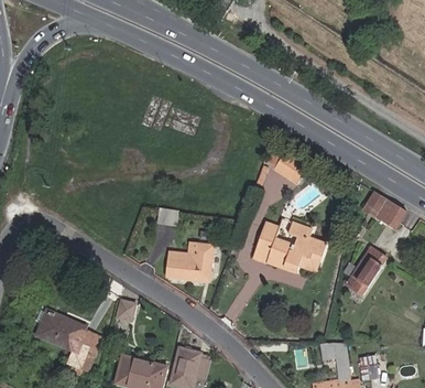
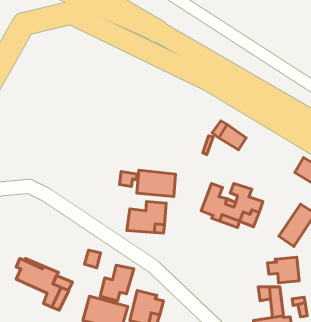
building: none -> [137,170,176,197]
building: none -> [267,257,299,283]
building: none -> [100,265,134,301]

